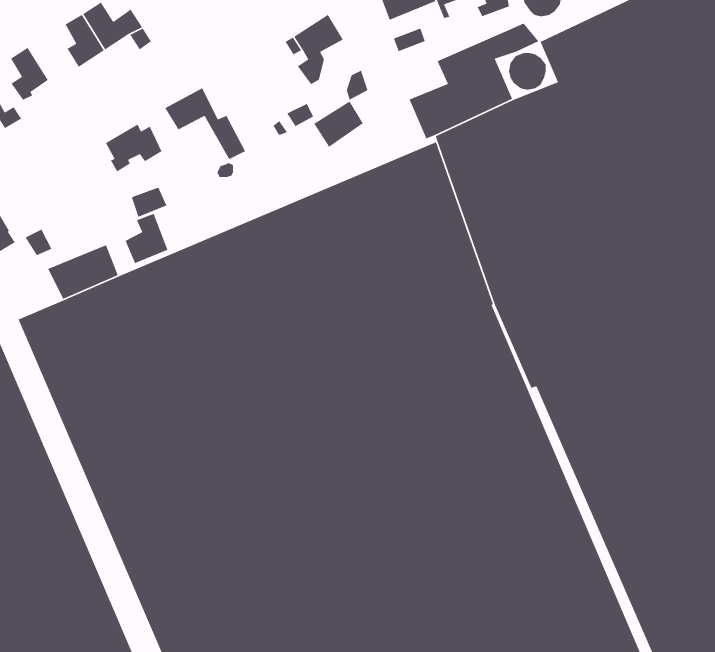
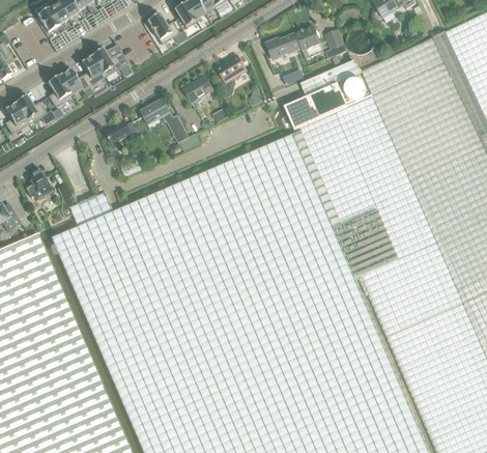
building: none -> [59,68,89,94]
building: [313,101,364,148] -> [182,76,212,104]
building: [124,213,168,264] -> none

